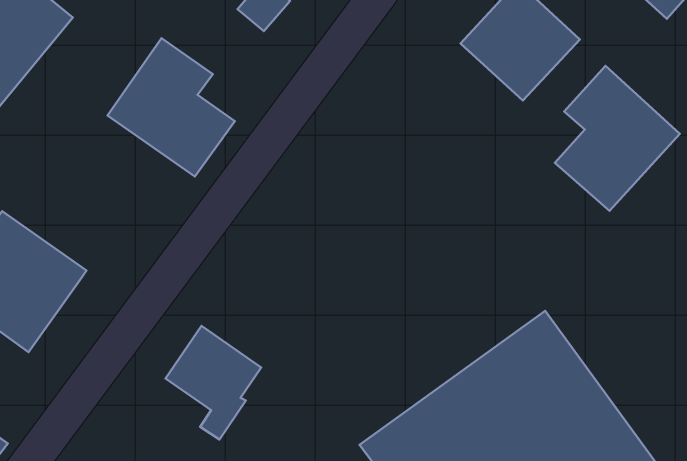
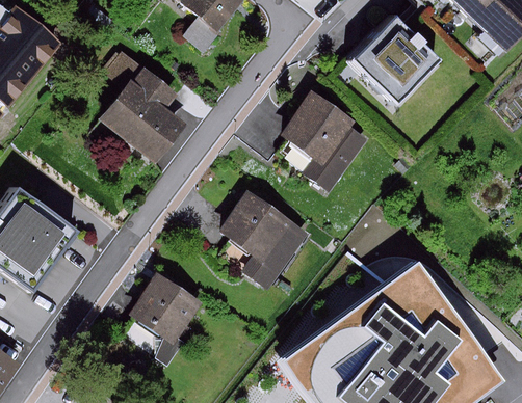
building: [555,66,680,211] -> none
building: none -> [283,88,368,191]
building: none -> [216,189,311,283]

